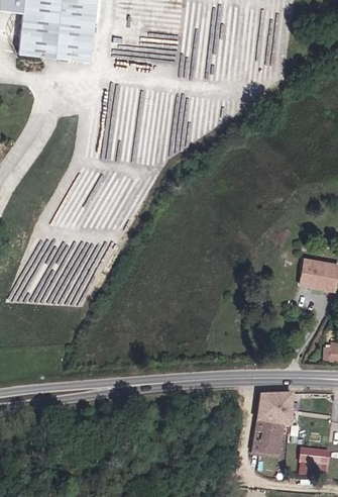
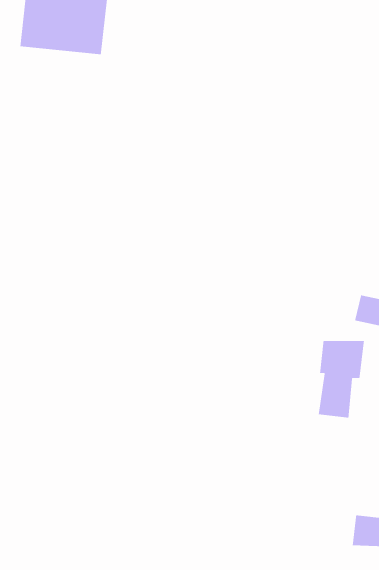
building: [256,390,296,456] -> [318,340,365,418]

